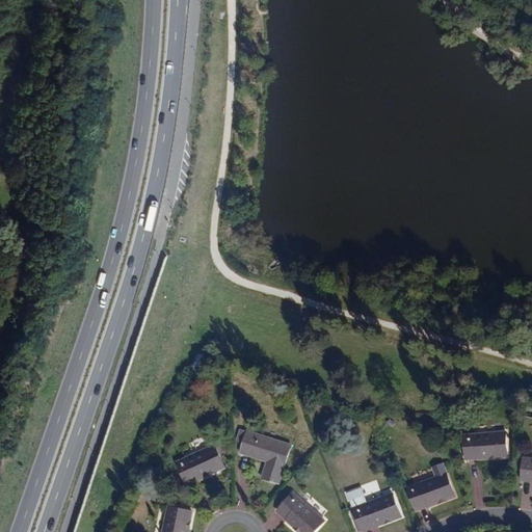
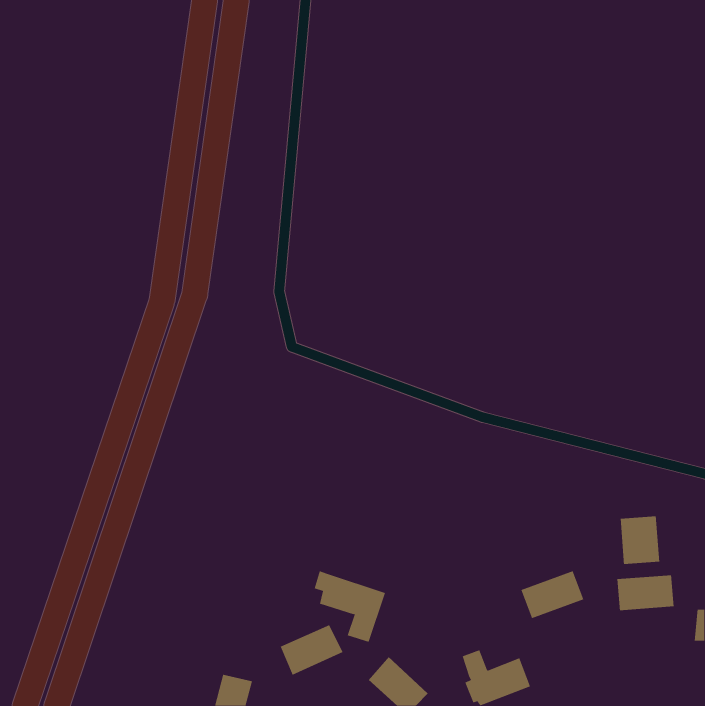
building: none -> [620,516,660,565]
building: [176,446,223,484] -> [280,625,343,676]
building: [405,474,453,510] -> [521,571,584,619]

